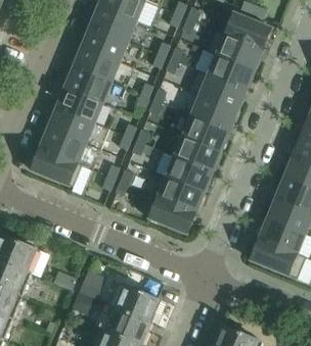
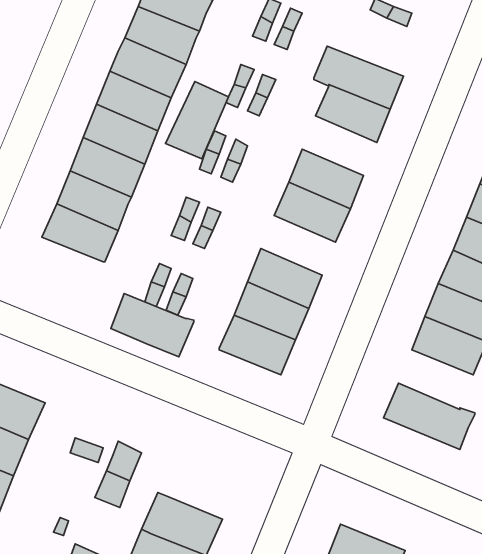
building: [214,8,270,49] -> none
building: none -> [166,81,229,159]
building: [198,73,245,110] -> none
building: [173,135,219,171] -> none
building: [30,148,81,187] -> [111,294,194,357]
building: [258,217,304,254] -> none
building: [109,282,159,322] -> none

